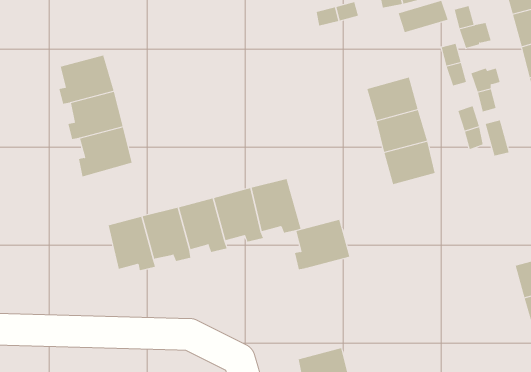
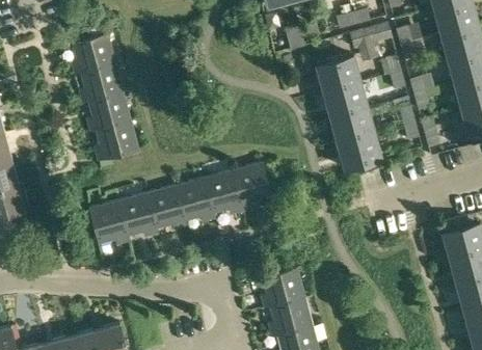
building: none -> [71,35,115,76]
building: none -> [318,56,359,91]
building: [294,219,350,270] -> [261,268,305,308]
building: none -> [88,200,129,244]

